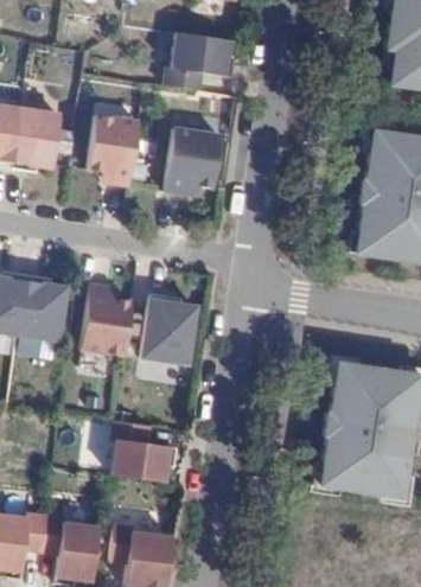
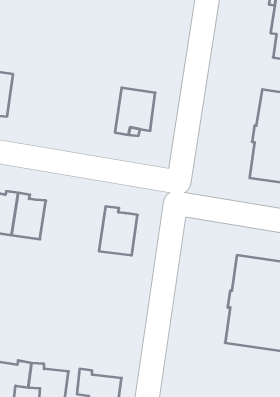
building: [165,33,234,89] -> none
building: [13,108,60,170] -> none
building: [89,114,140,185] -> none
building: [82,285,133,355] -> none
building: [113,420,177,481] -> none

